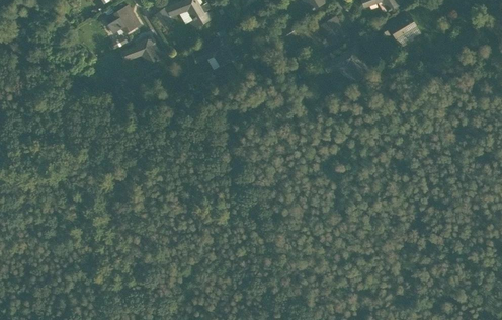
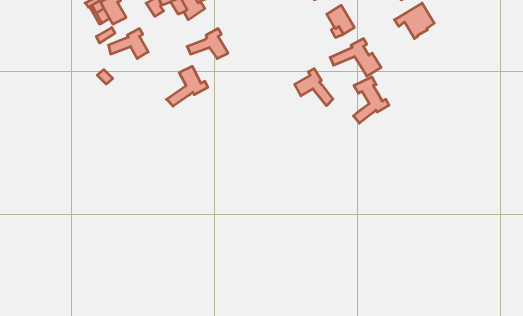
building: none -> [166,66,208,106]
building: none -> [295,69,333,106]
building: none -> [353,77,389,123]

